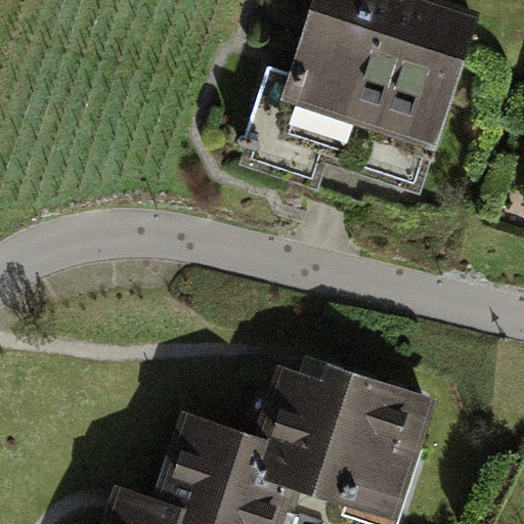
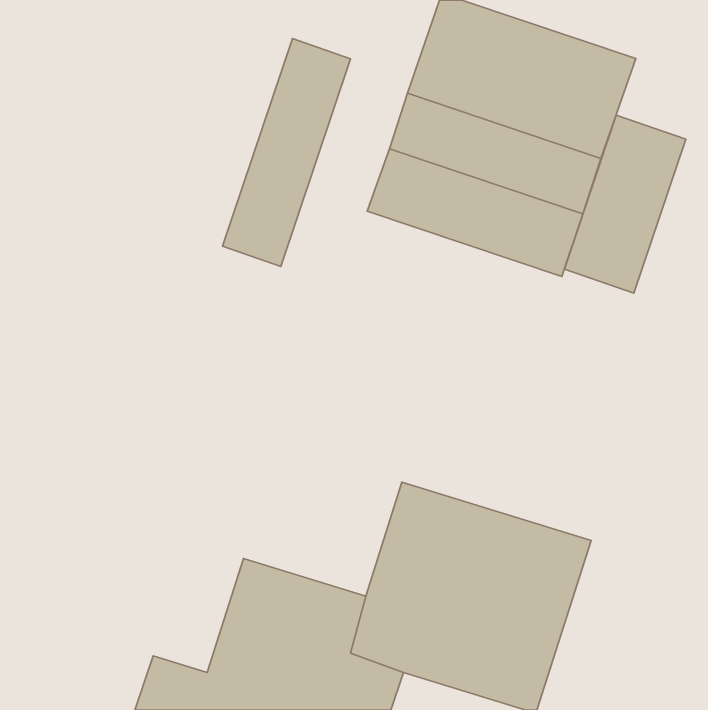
building: none -> [223,38,350,266]
building: none -> [564,115,686,293]

